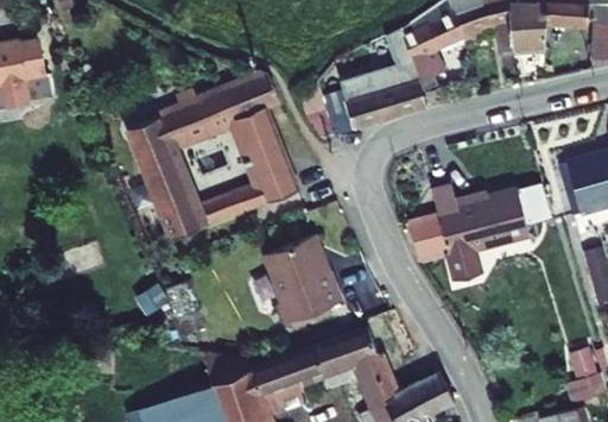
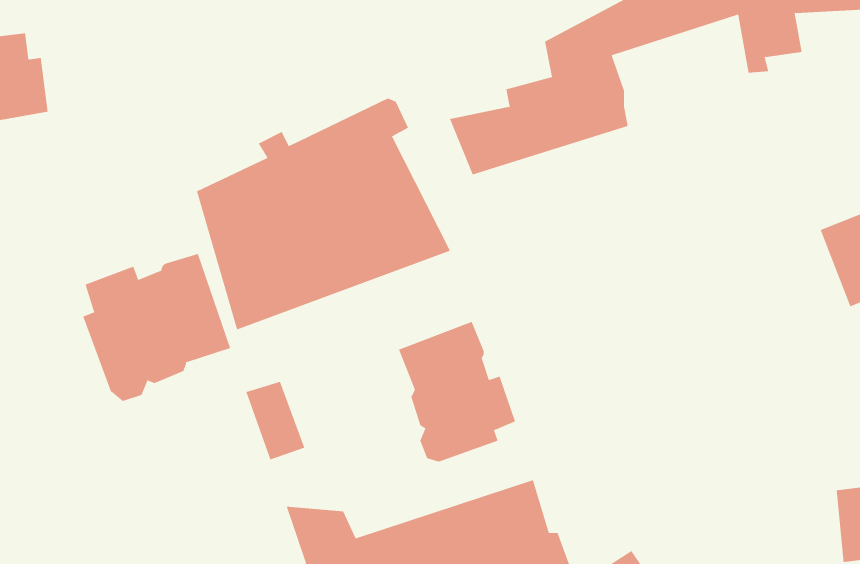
building: none -> [83,253,231,402]
building: [406,188,533,284] -> none

